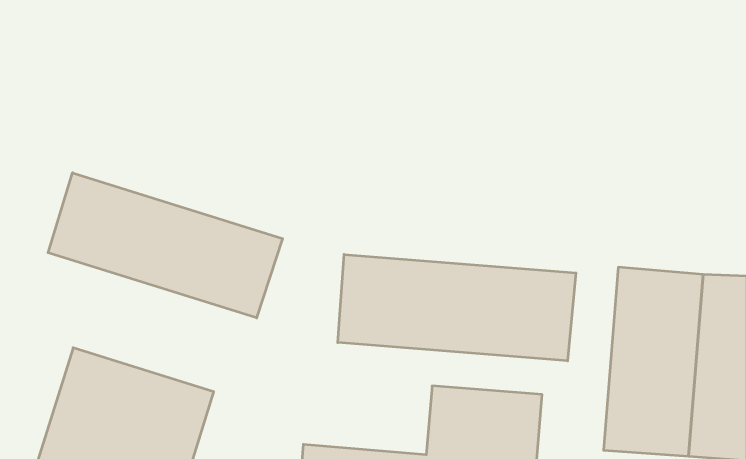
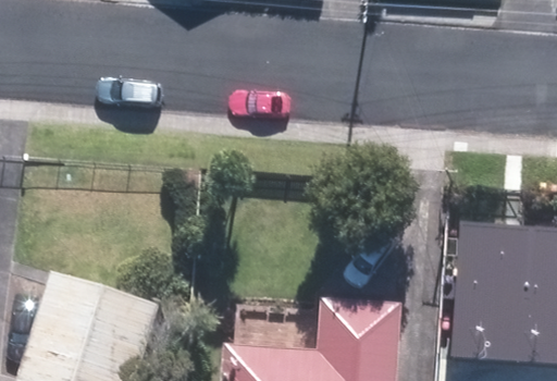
building: [48,173,283,318] -> none
building: [338,254,576,361] -> none

